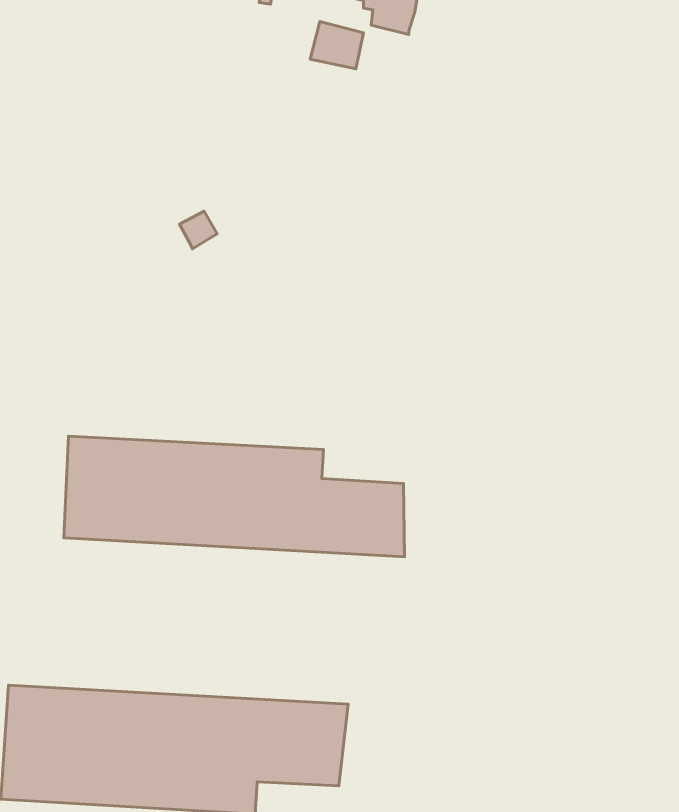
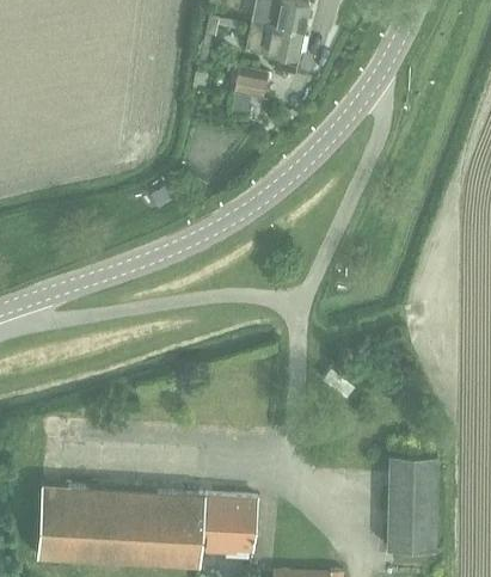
building: [64,436,404,557] -> none
building: none -> [388,455,438,552]

